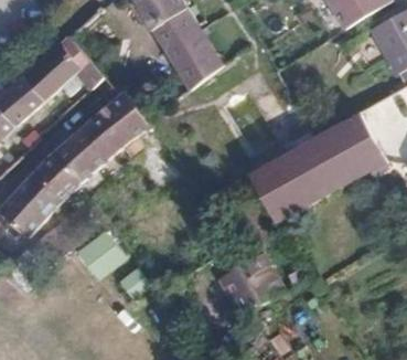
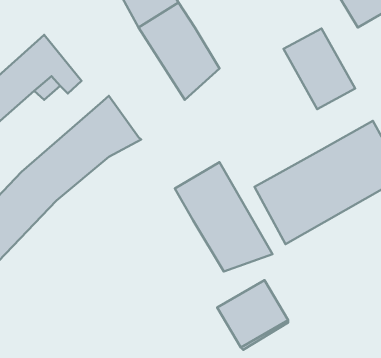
building: none -> [284,28,355,109]
building: none -> [175,162,273,271]

